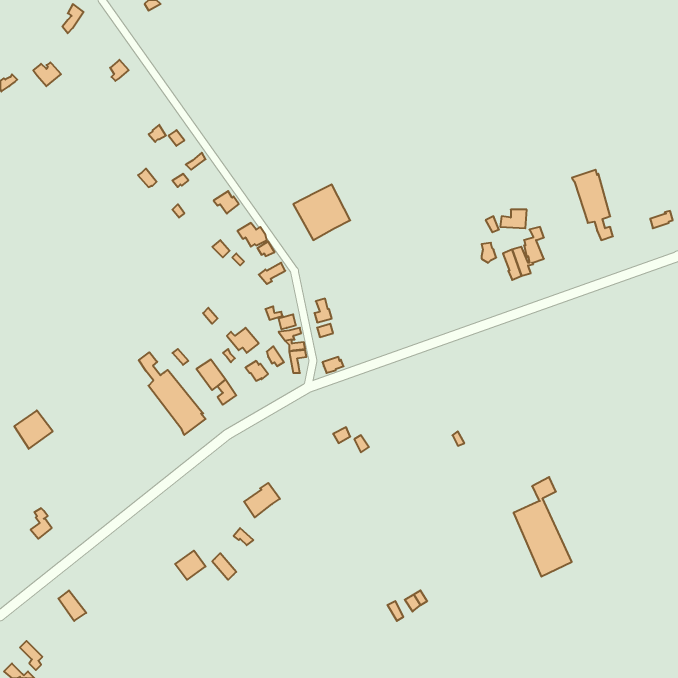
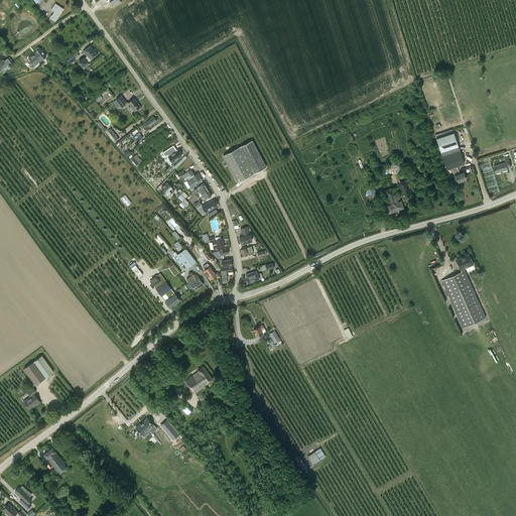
building: [139,352,206,435] -> none
building: [14,410,53,449] -> [24,356,53,385]
building: [513,477,572,577] -> [441,253,486,329]

